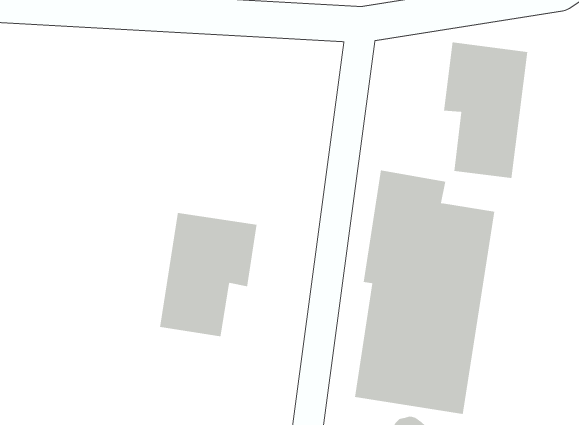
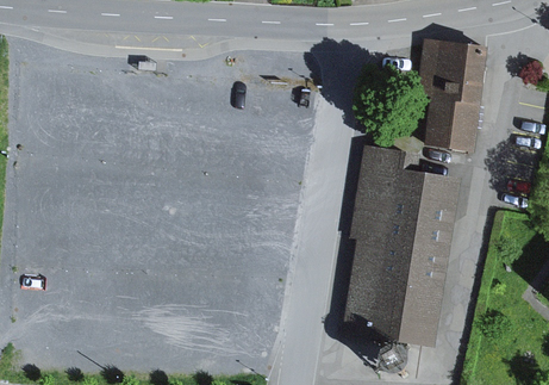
building: [159,212,257,337] -> none

